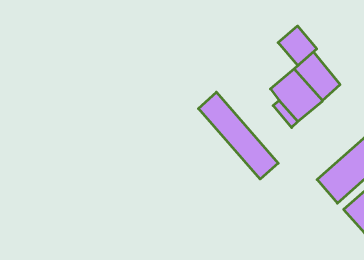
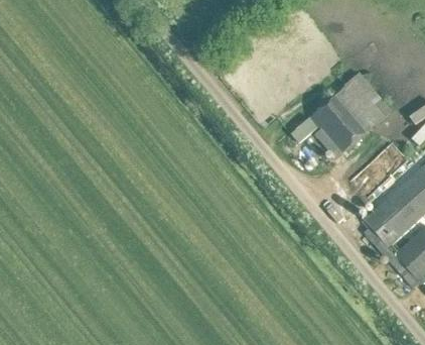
building: [278,26,317,66] -> none
building: [198,92,278,179] -> none

